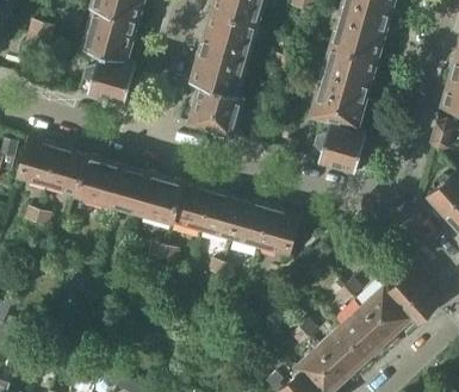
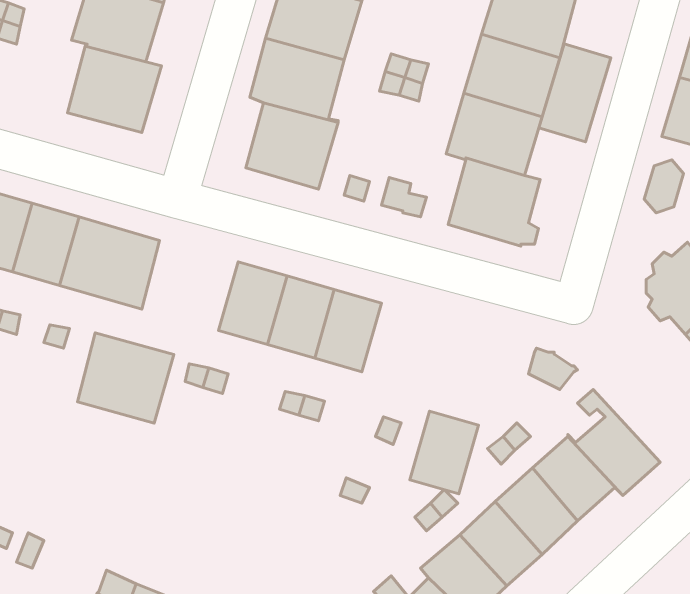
building: none -> [539,44,611,142]
building: [125,168,184,223] -> [78,333,174,423]
building: [259,206,300,256] -> [410,411,479,494]

